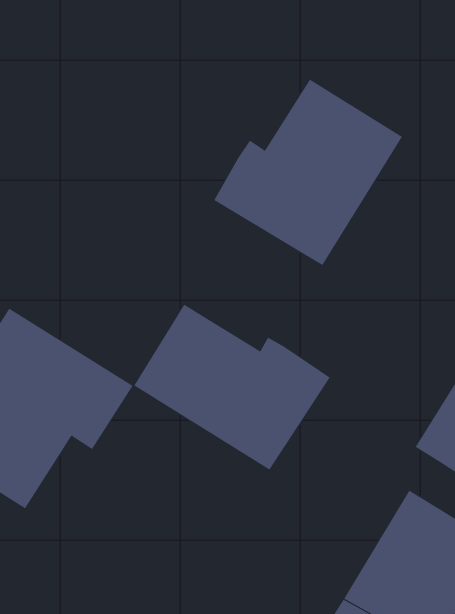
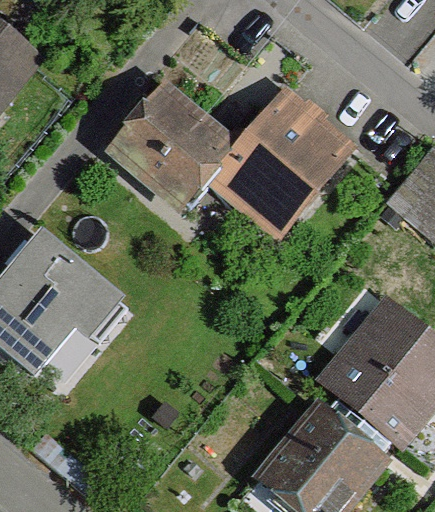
building: none -> [119,91,228,201]
building: [133,304,330,471] -> none

